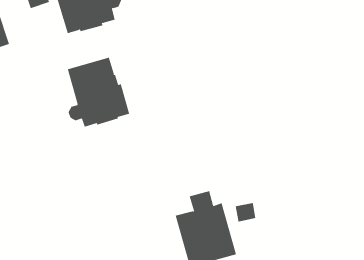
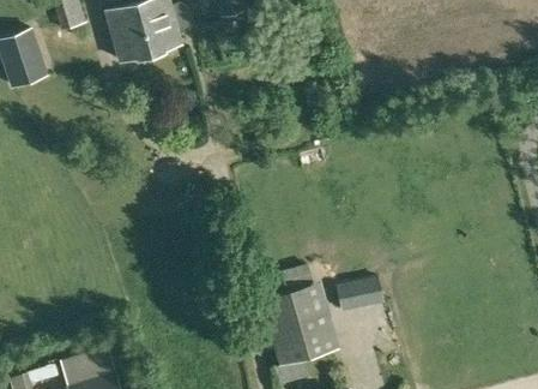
building: [67,57,130,128] -> none

